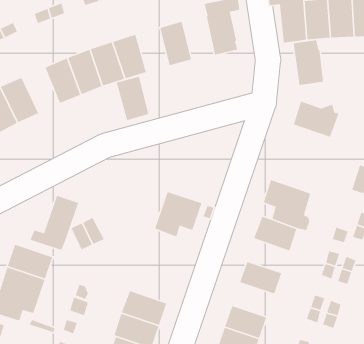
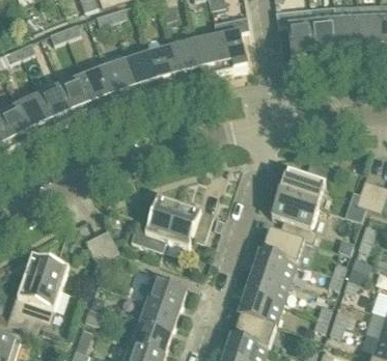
building: none -> [193,34,224,77]
building: [293,39,324,86] -> none
building: none -> [38,84,75,129]
building: [116,76,149,121] -> [148,46,181,89]
building: [291,100,339,138] -> [278,169,325,205]
building: [30,195,79,251] -> [131,196,178,250]
building: none -> [255,249,297,282]
building: none -> [142,270,187,311]
building: none -> [241,291,282,325]

